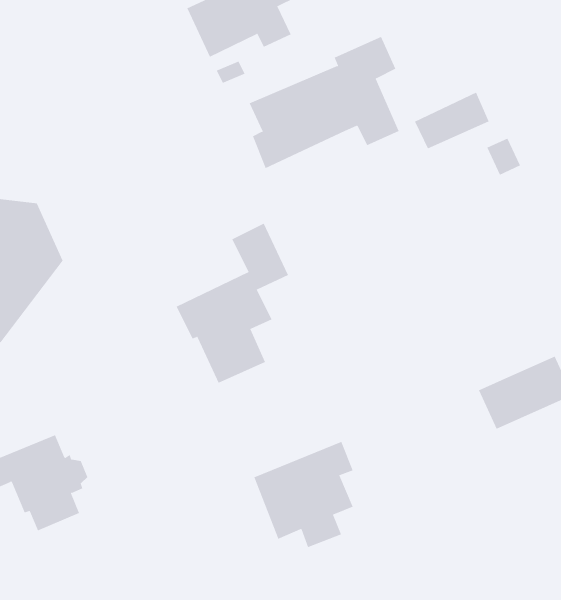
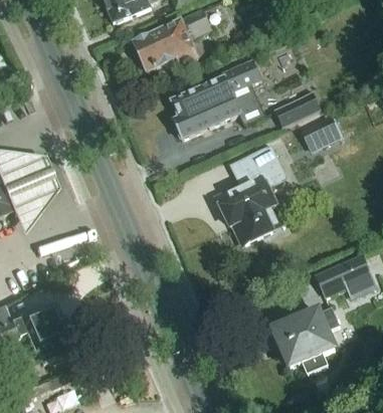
building: [176,223,289,383] -> [216,146,285,244]
building: [253,441,353,548] -> [275,307,337,373]

